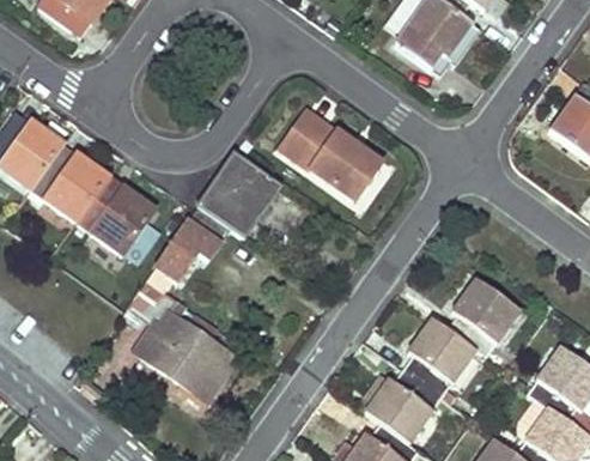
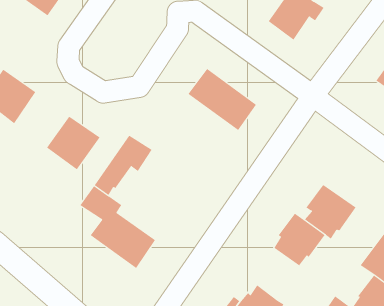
building: [32,145,110,224] -> none
building: [196,152,281,238] -> none
building: [365,368,440,443] -> none

